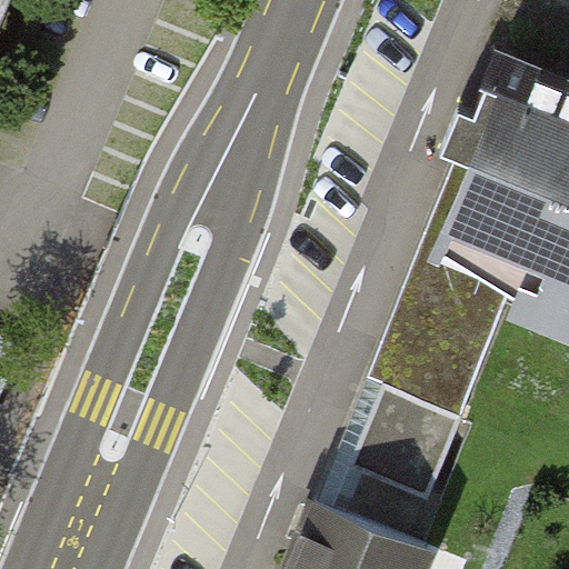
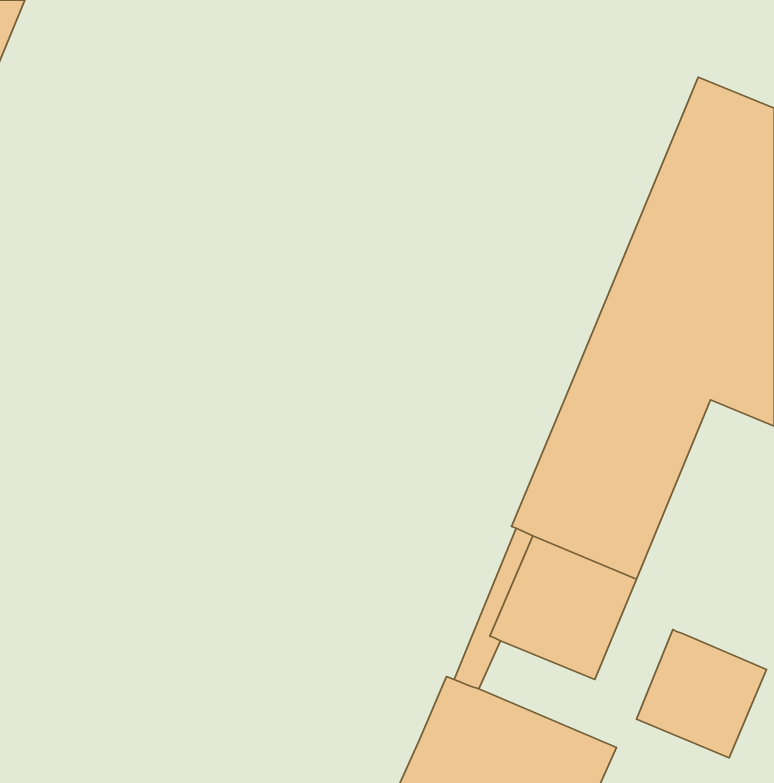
building: none -> [636,630,766,758]

